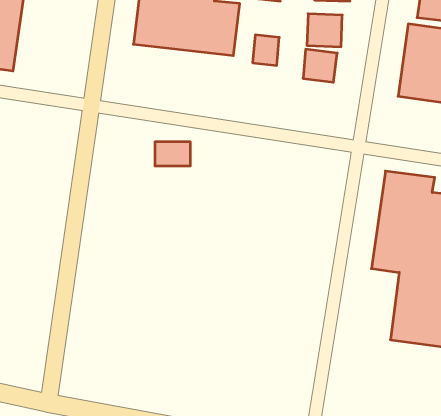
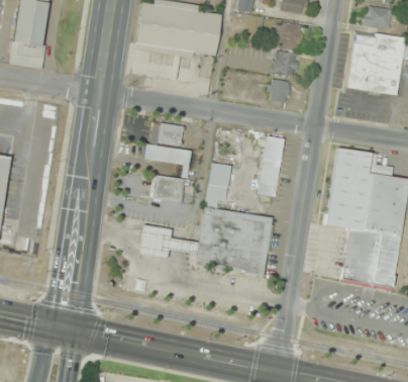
building: [253,35,279,65] -> [270,79,291,103]
building: none -> [258,136,285,197]
building: none -> [144,145,189,164]
building: none -> [138,163,273,276]
building: none -> [152,176,184,202]

